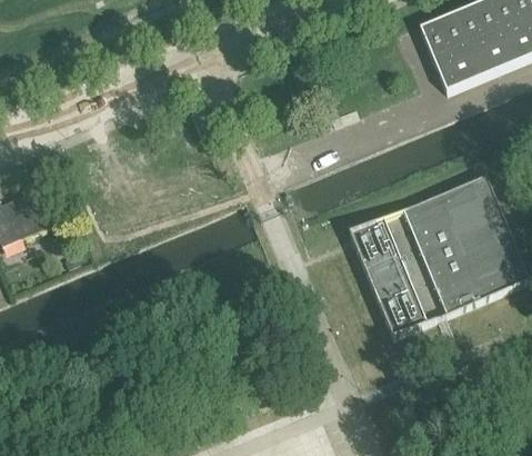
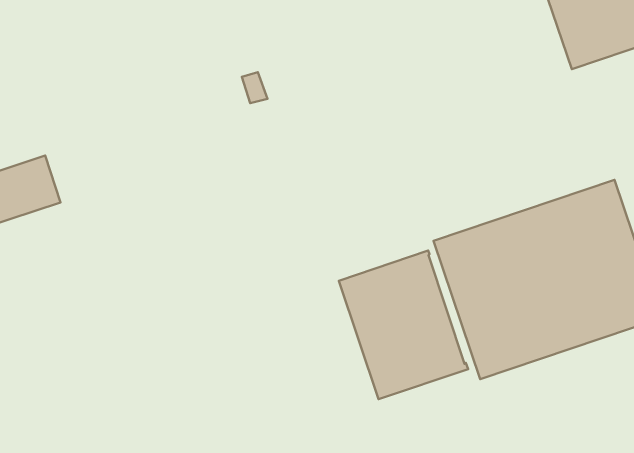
building: none -> [339,251,468,399]

